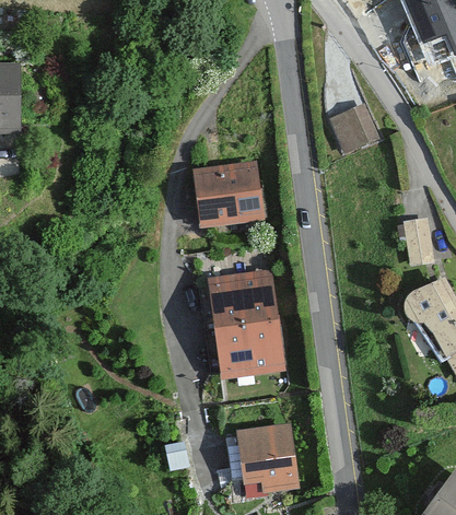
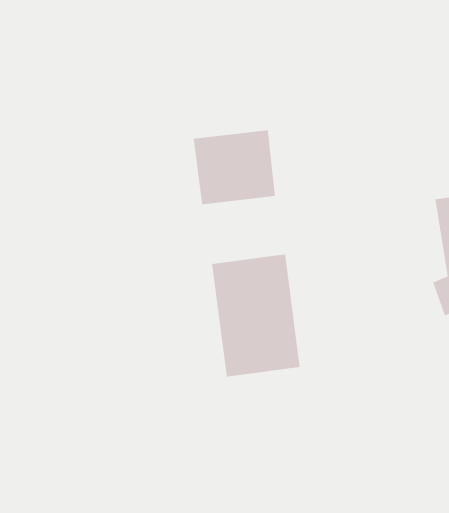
building: [334,107,379,154] -> none
building: [234,422,299,494] -> none

